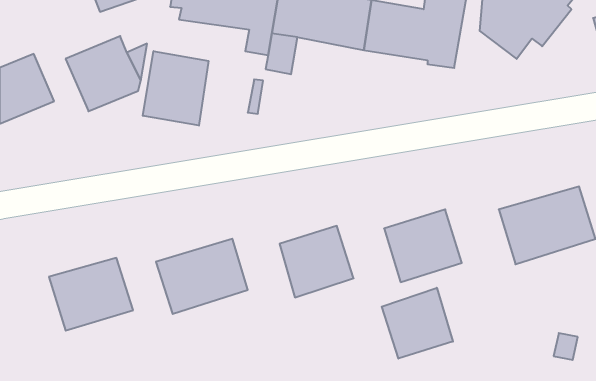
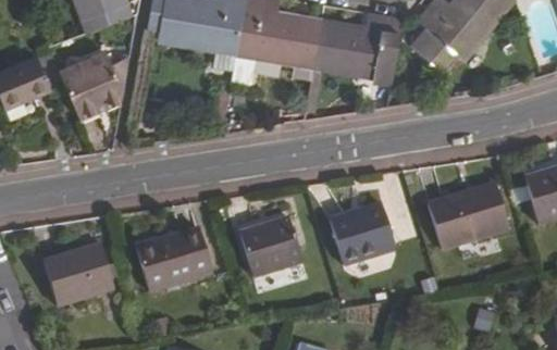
building: [143,51,208,126] -> none
building: [382,288,453,359] -> none

